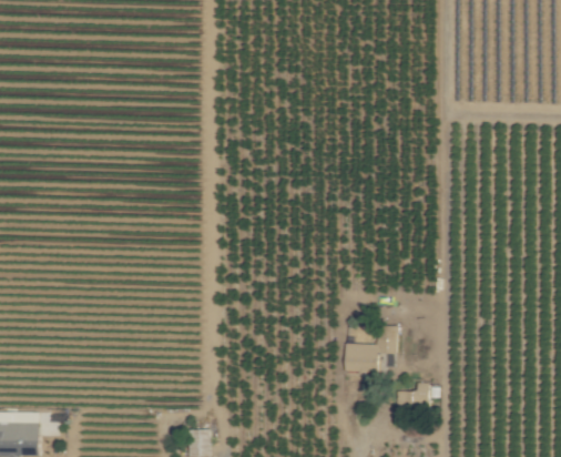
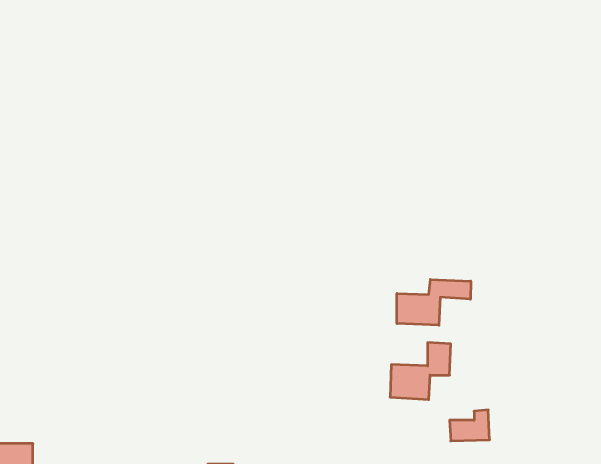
building: none -> [397,279,471,325]

